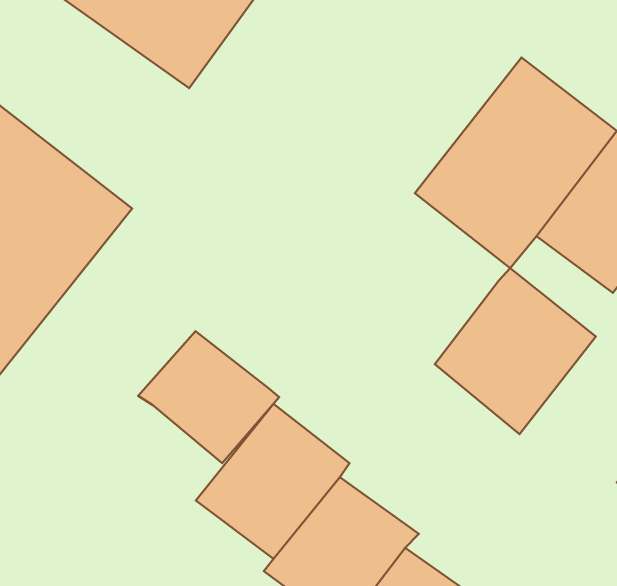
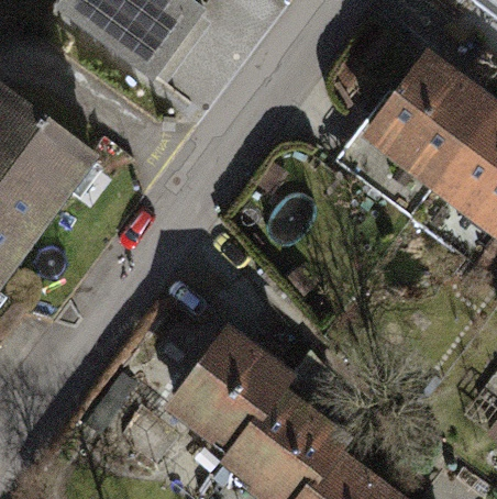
building: [435,268,596,434] -> none
building: [138,331,279,463] -> none

